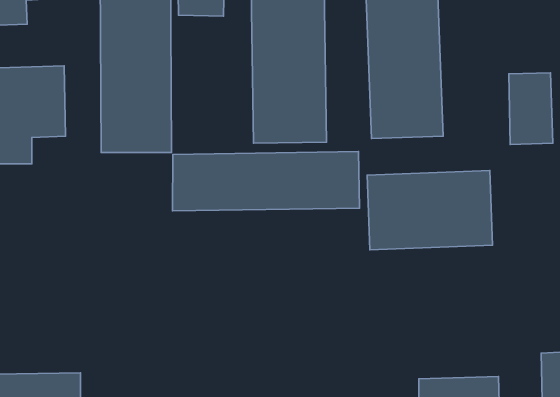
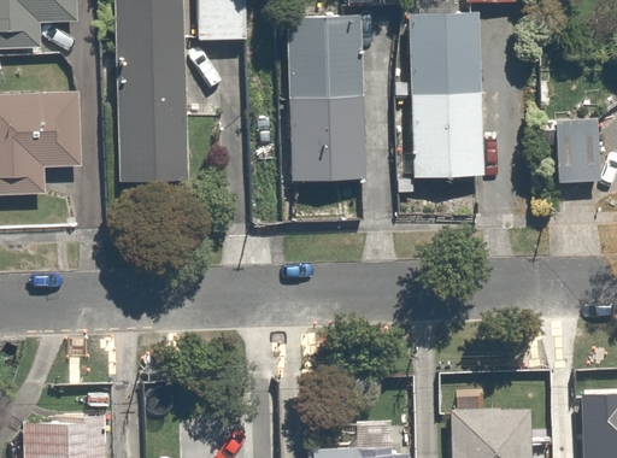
building: [173,152,360,211] -> none
building: [367,171,493,250] -> none

